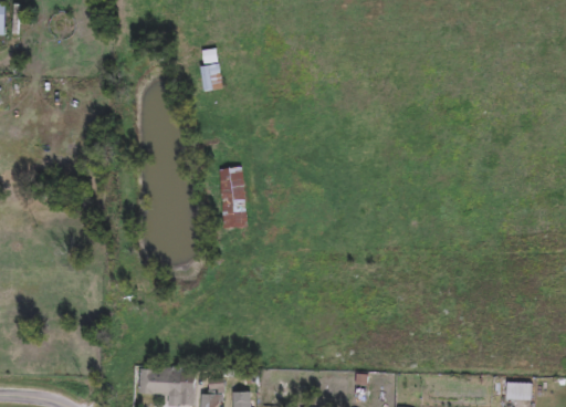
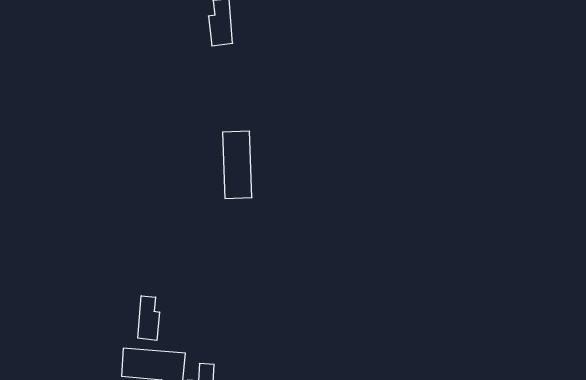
building: none -> [138,296,160,340]

